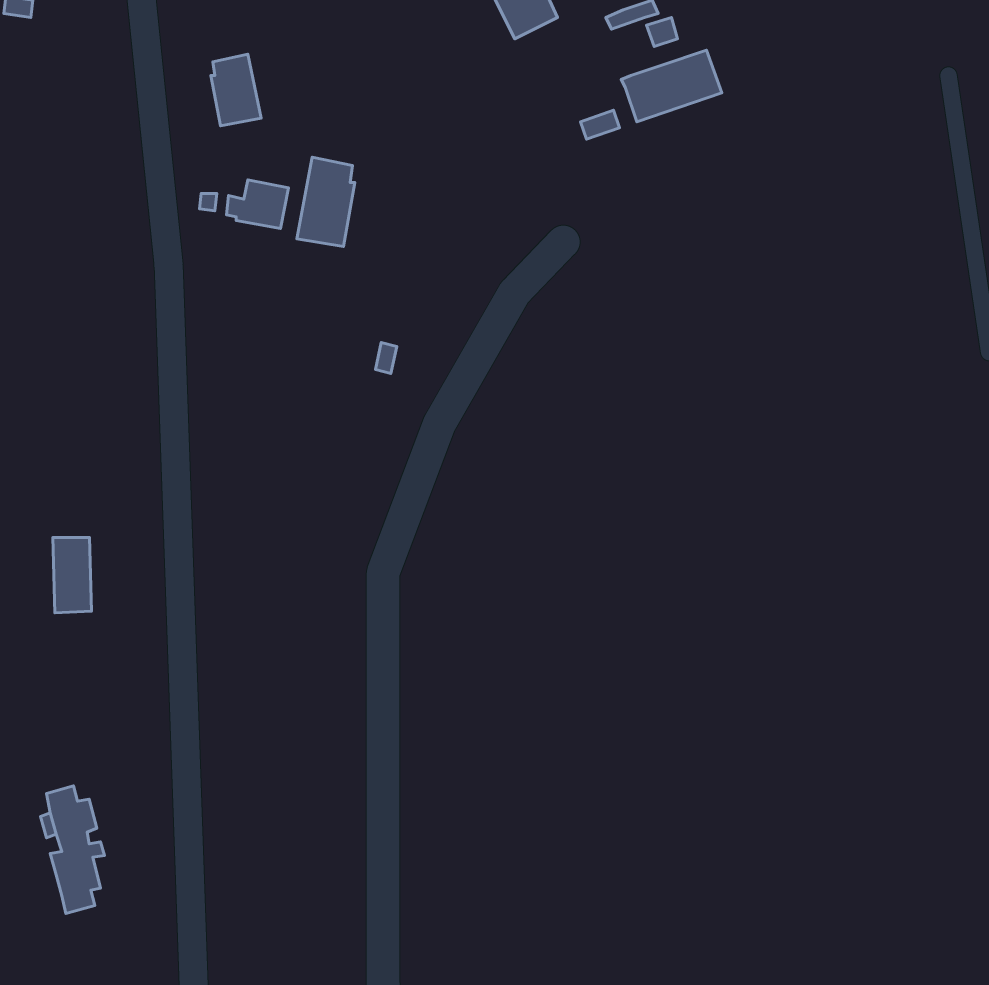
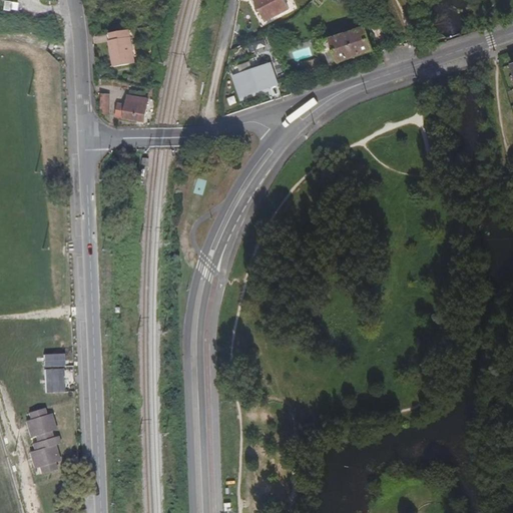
building: none -> [235,62,281,96]
building: [297,157,355,247] -> none
building: [53,538,92,613] -> [43,353,63,392]

